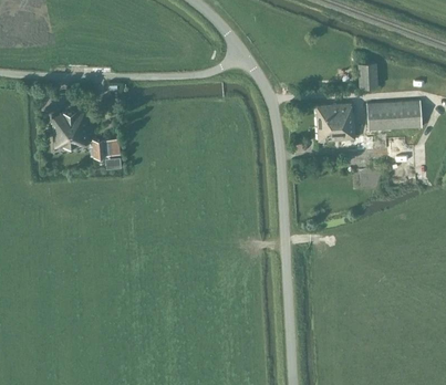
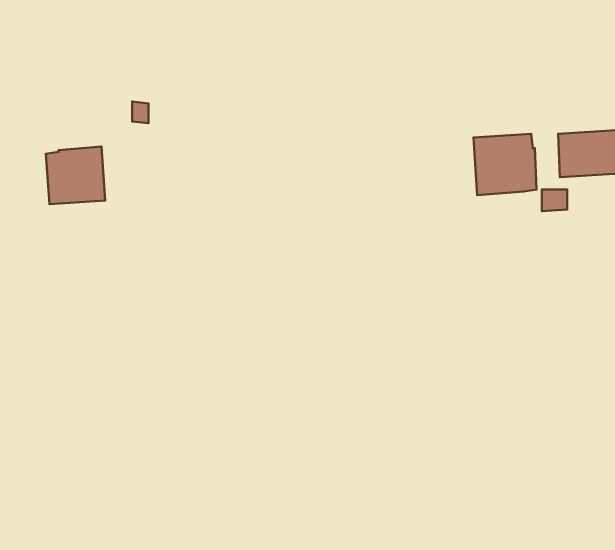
building: [359,62,377,87] -> none
building: [92,138,121,168] -> none

